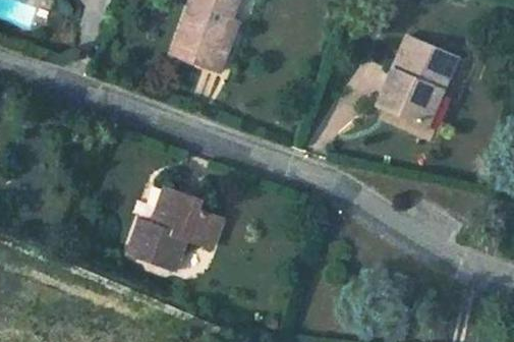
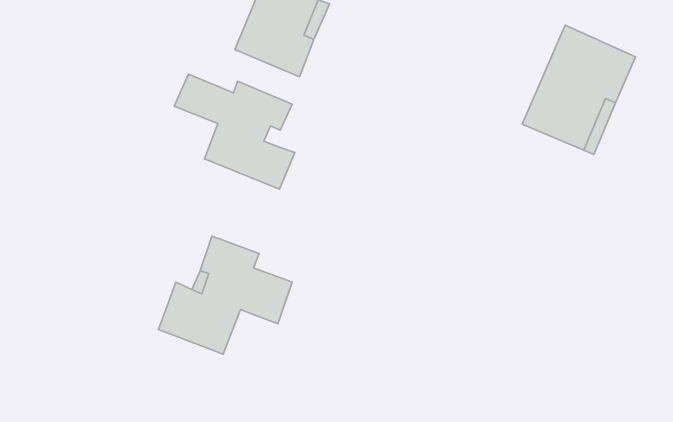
building: none -> [174,74,295,189]

